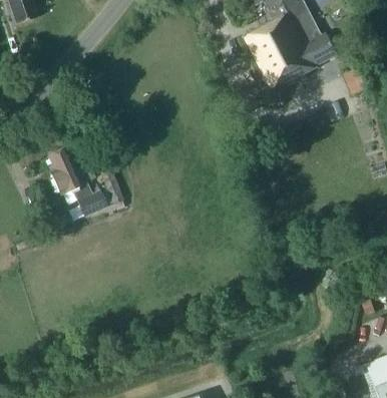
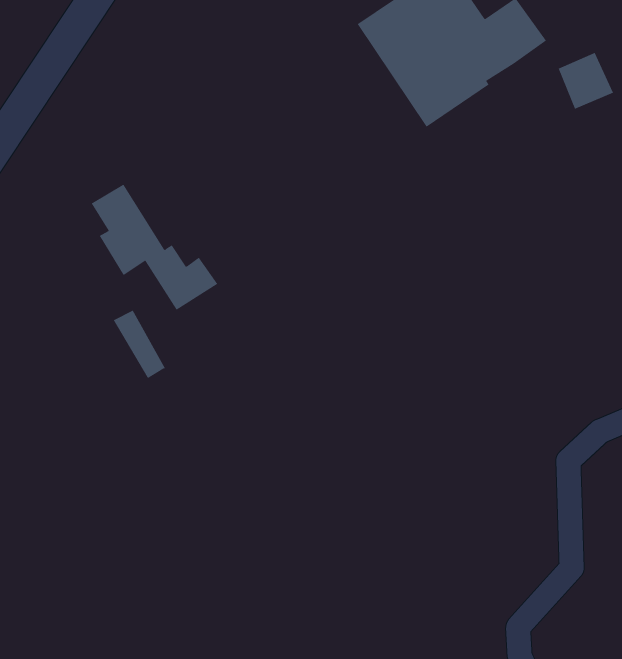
building: [46,148,106,217] -> [91,184,218,310]

